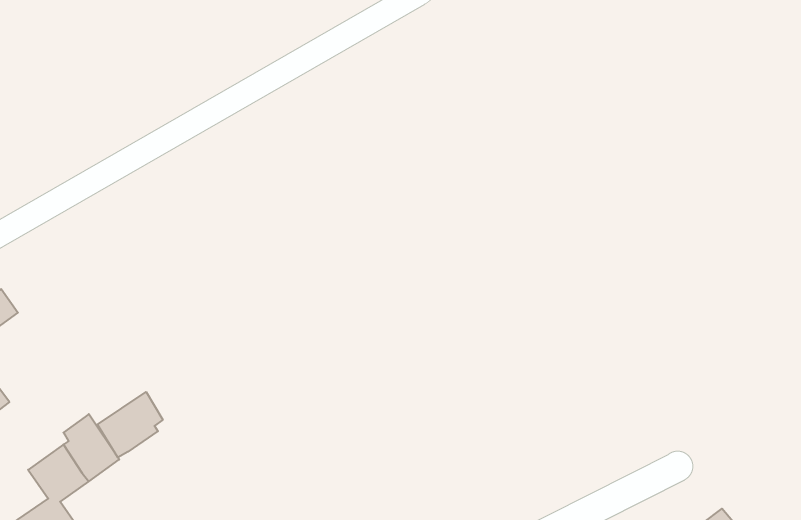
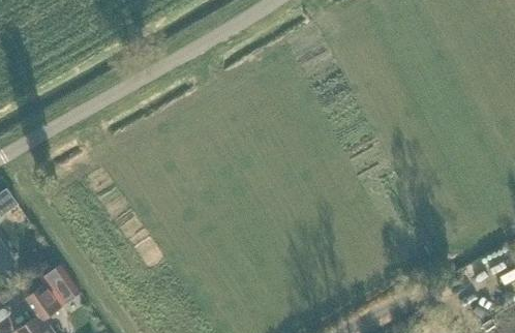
building: [98,392,163,457] -> none

